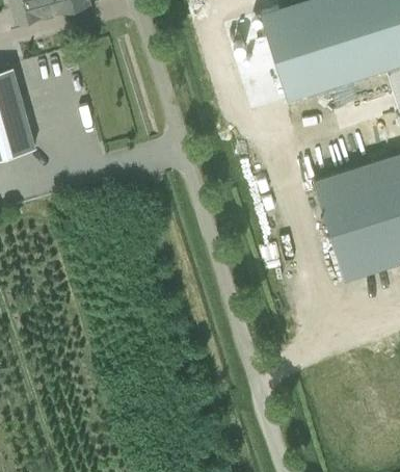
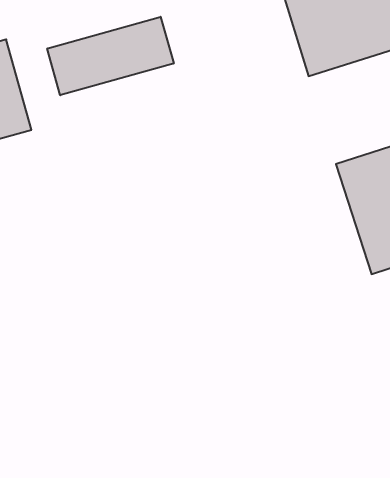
building: none -> [47,17,174,95]

